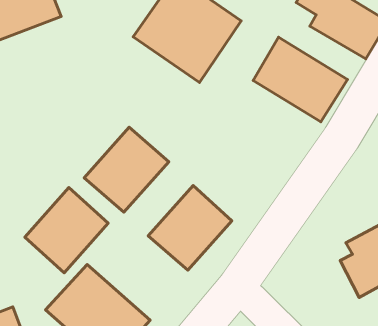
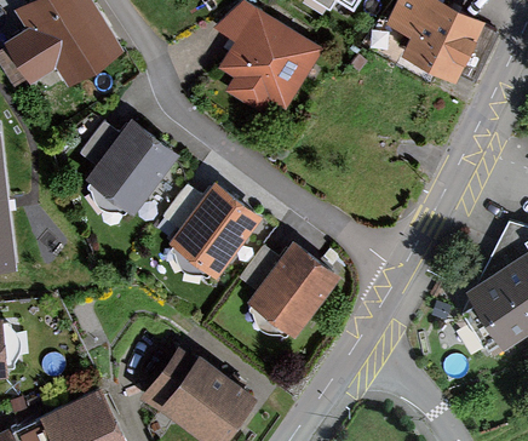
building: [253,37,348,122] -> none
building: [25,188,108,273] -> [82,115,176,212]

